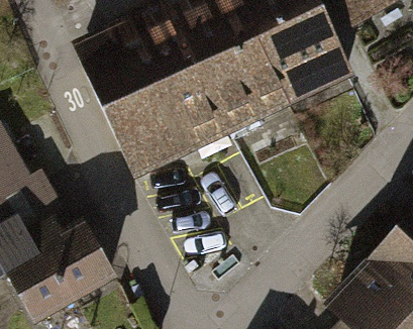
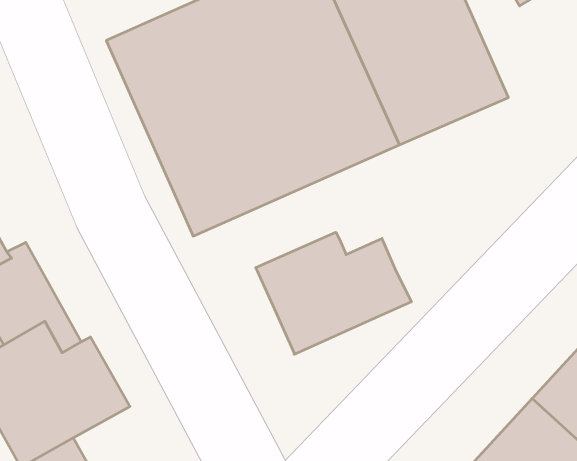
building: none -> [256,232,411,354]

